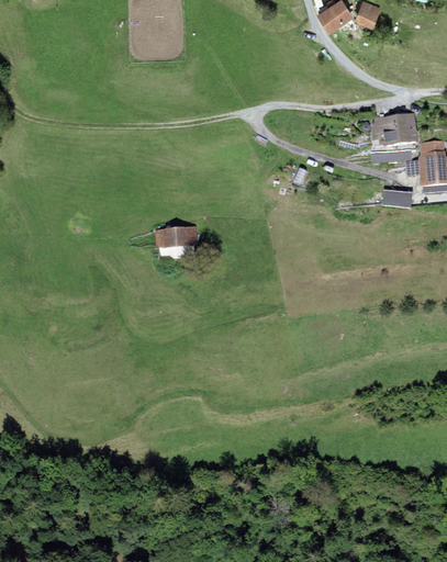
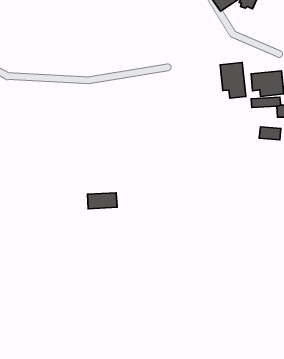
building: none -> [220,63,246,98]
building: [156,226,197,248] -> [87,193,117,209]

